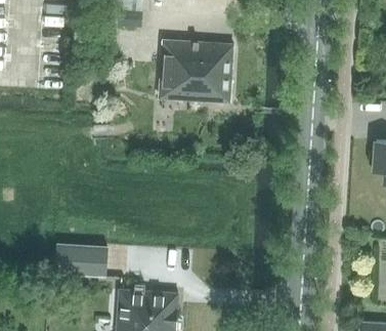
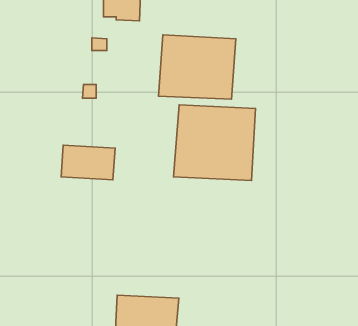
building: none -> [174,105,256,181]
building: [54,242,106,276] -> [61,145,115,180]

